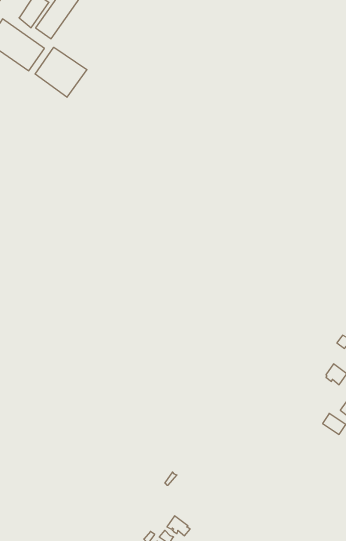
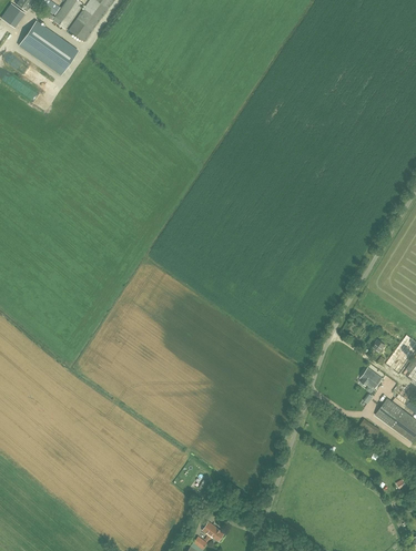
building: [35,47,87,97] -> none

